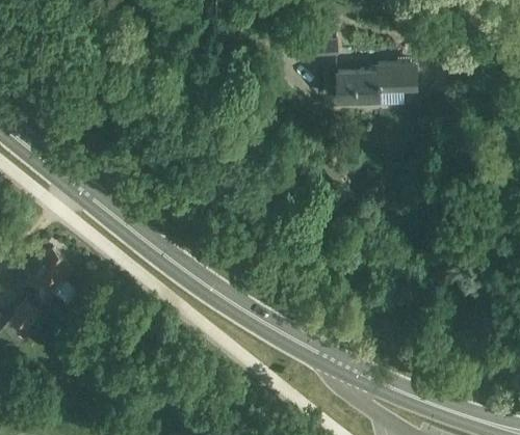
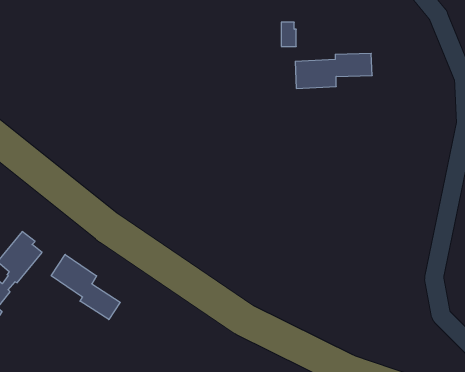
building: none -> [51,254,120,320]

